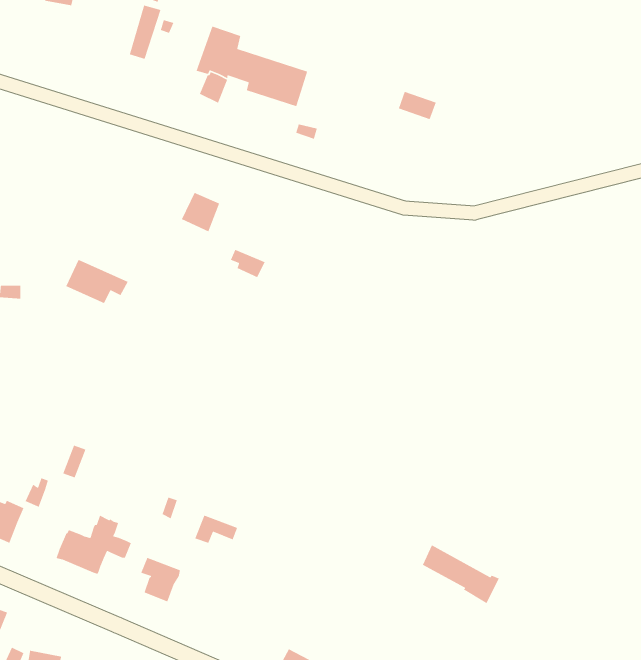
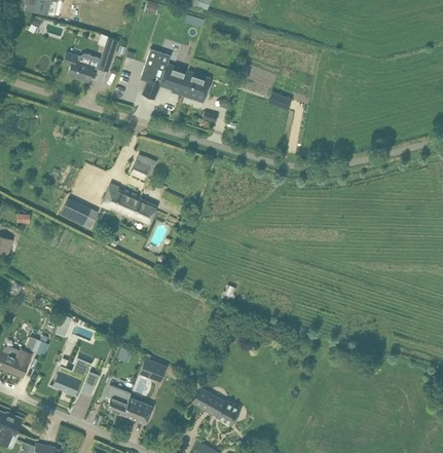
building: none -> [63,52,94,81]
building: none -> [101,184,156,226]
building: [422,544,500,604] -> [190,388,239,426]
building: none -> [122,398,152,423]

